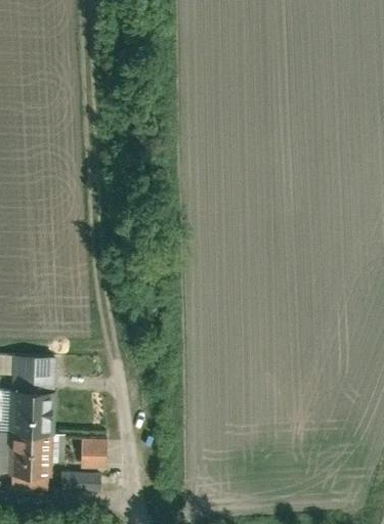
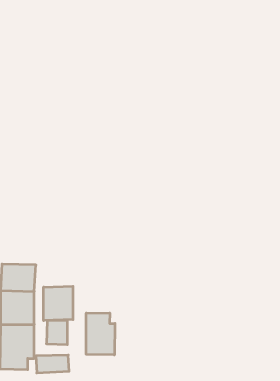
building: none -> [44,286,73,321]
building: none -> [86,313,115,355]

